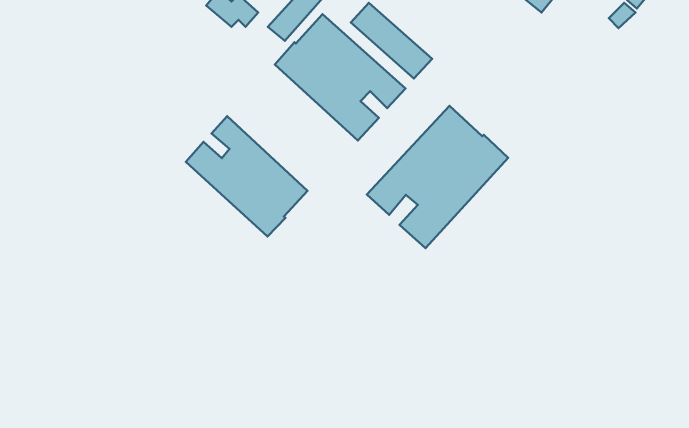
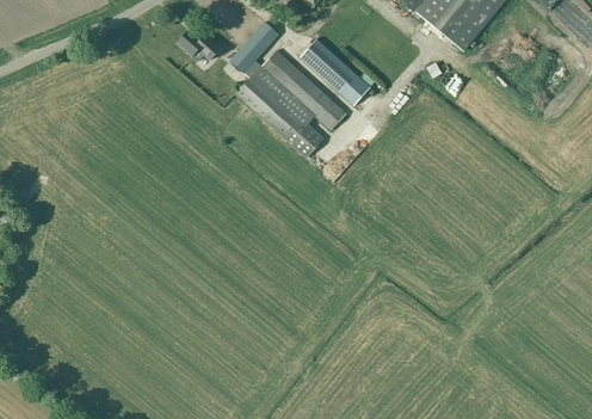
building: [367,106,508,248] -> none
building: [186,116,308,237] -> none

